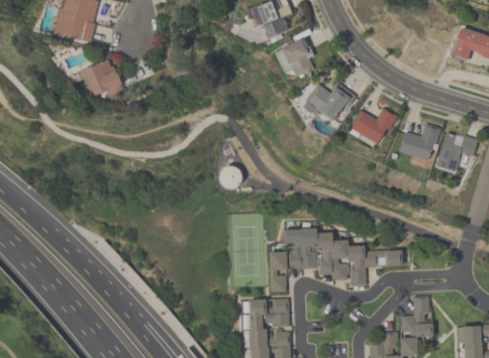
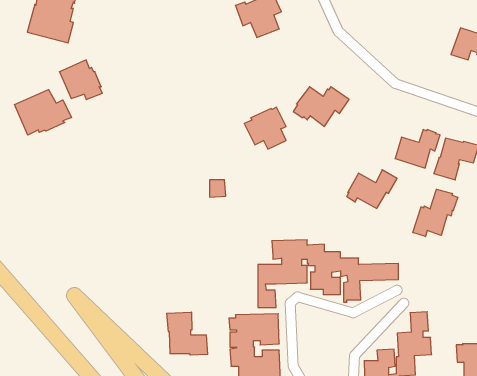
building: [275,37,314,77] -> [244,107,286,149]
building: none -> [15,90,71,135]
building: [350,107,397,143] -> [347,170,397,208]
building: none -> [413,189,458,237]
building: none -> [167,312,208,355]

